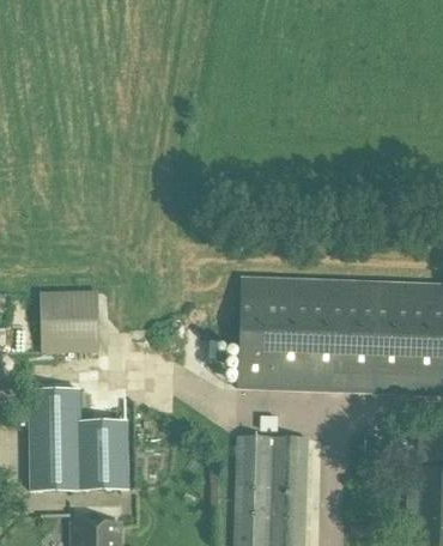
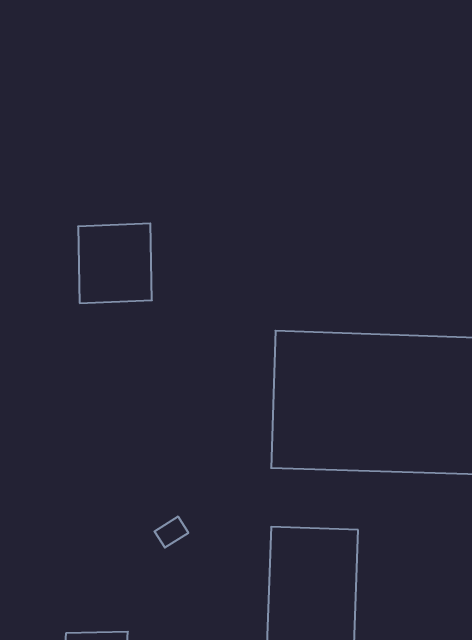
building: [29,286,89,351] -> [78,223,152,303]
building: [32,388,128,490] -> none

